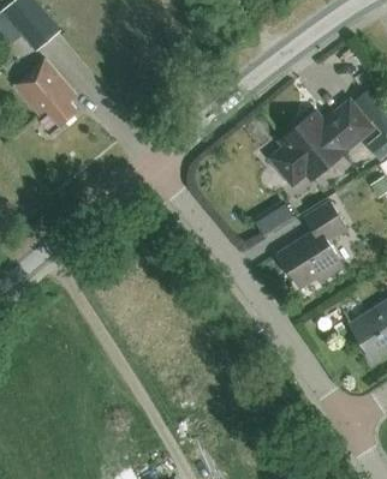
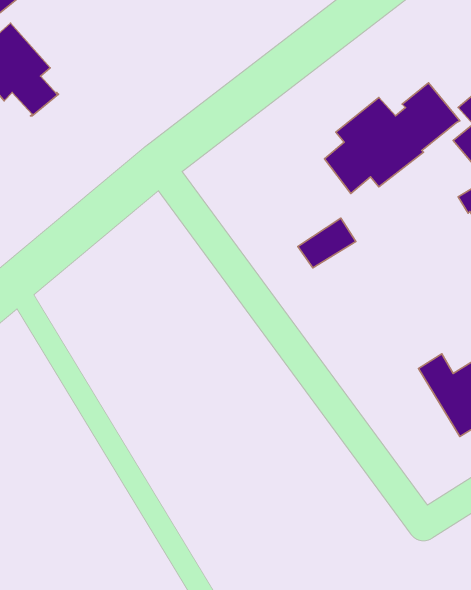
building: [279,202,346,286] -> none

